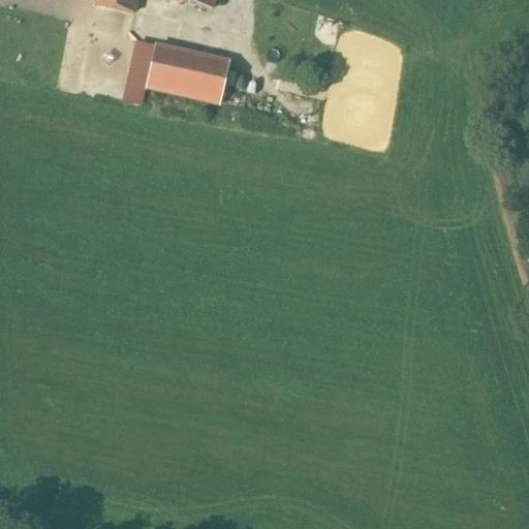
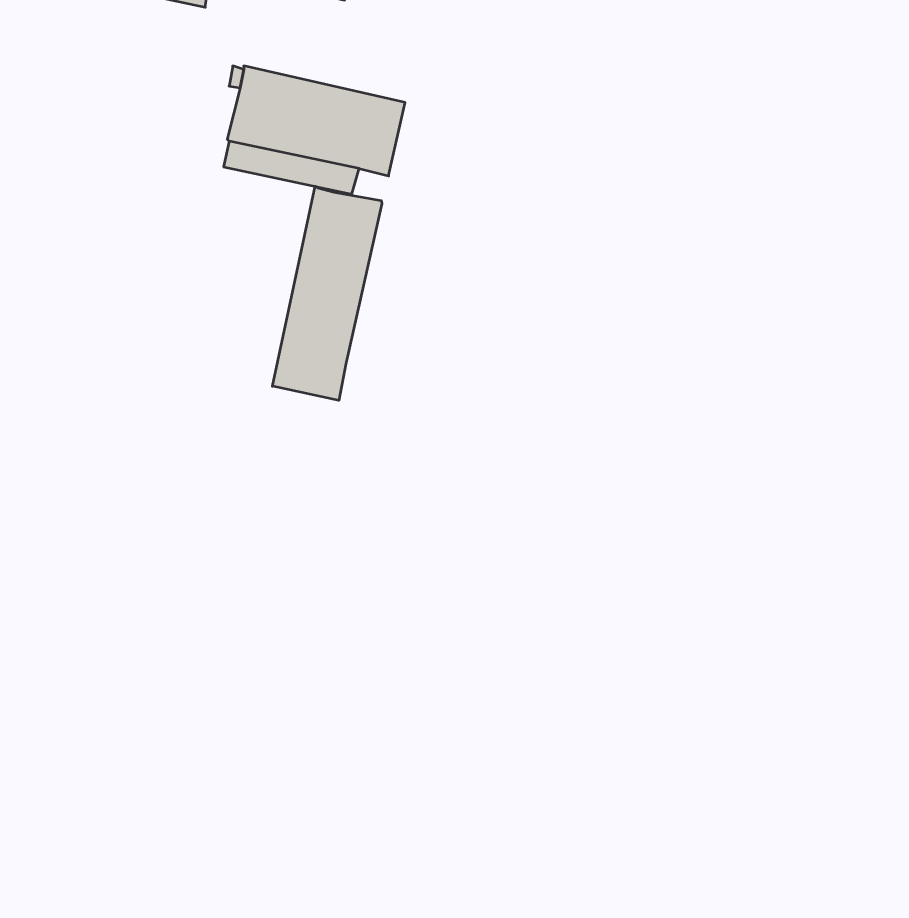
building: none -> [272,186,382,400]

